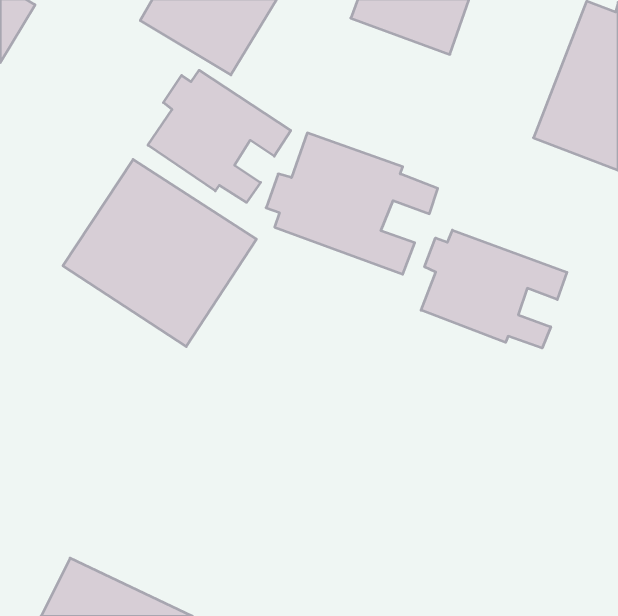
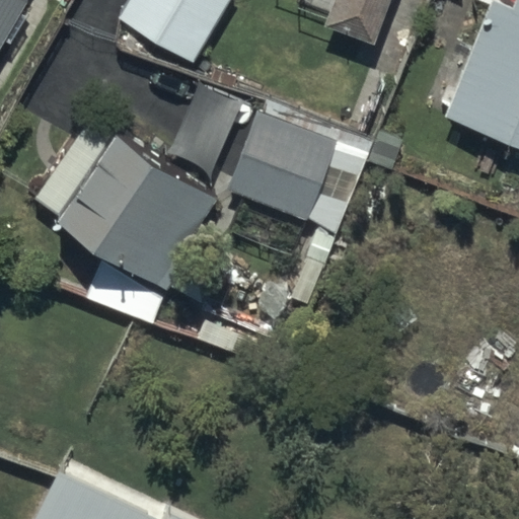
building: [148,70,291,202] -> none
building: [421,230,567,348] -> none

